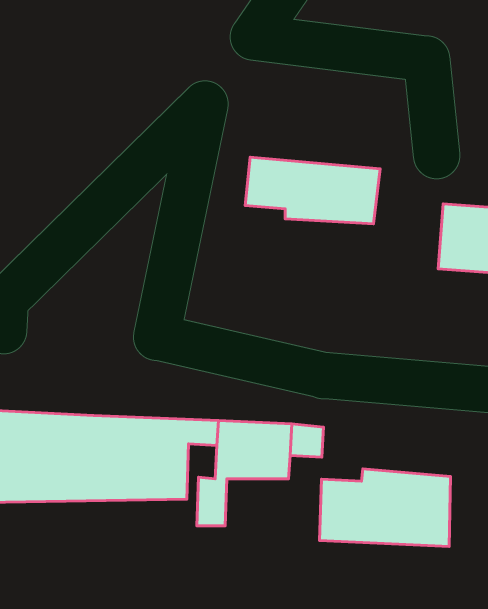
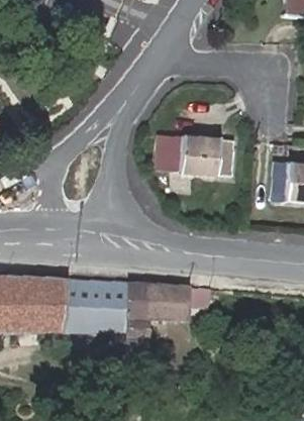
building: [319,469,451,546] -> none

